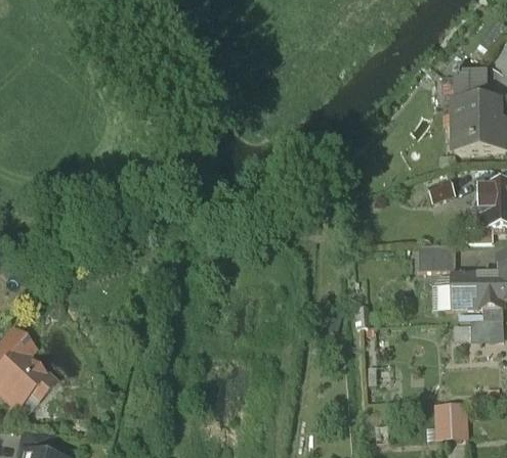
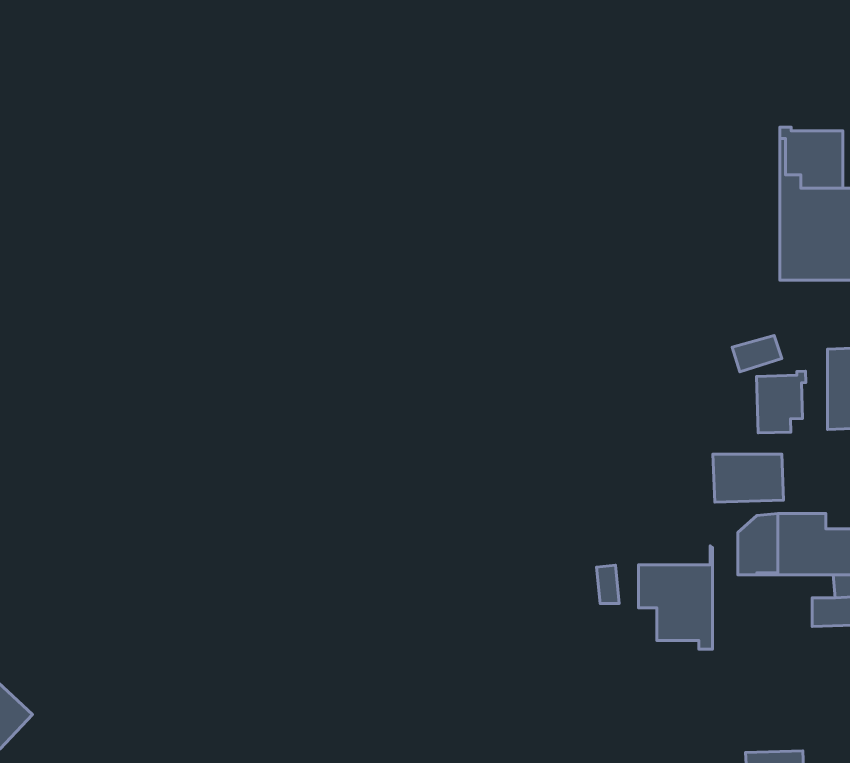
building: none -> [757,371,806,433]
building: none -> [638,546,713,649]

